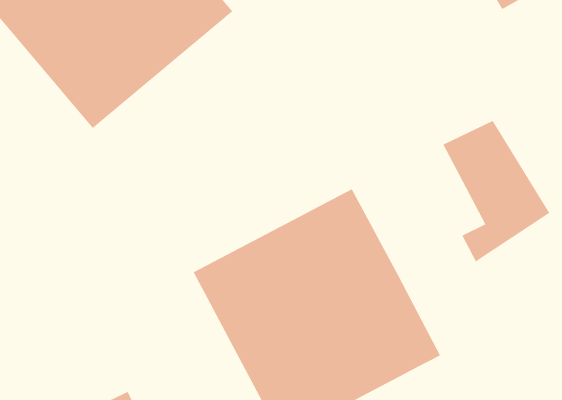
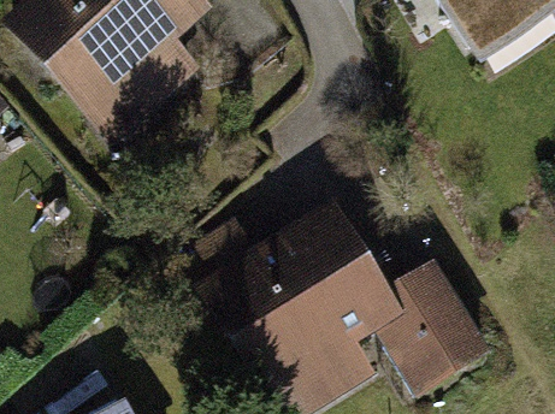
building: [443,120,550,262] -> [388,261,490,396]

